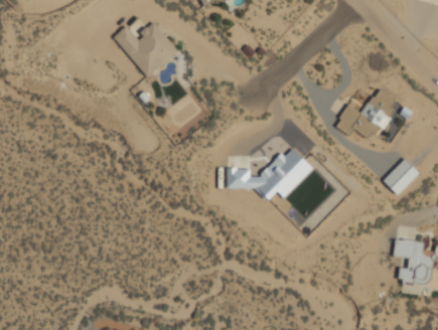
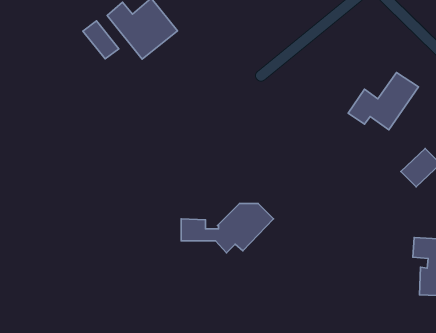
building: none -> [83,21,119,59]
building: [228,153,312,198] -> [181,203,274,253]

